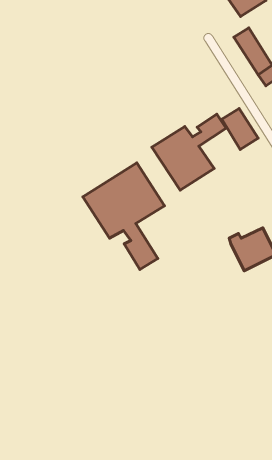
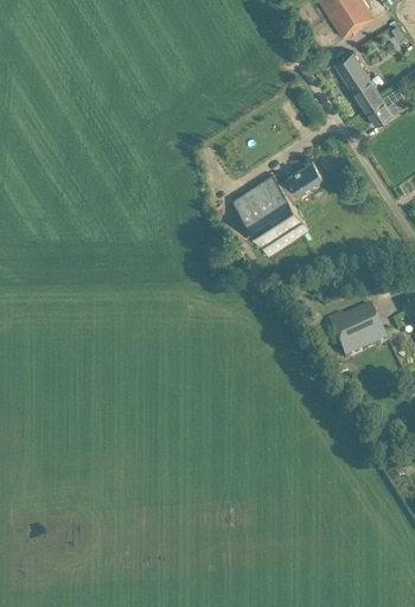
building: [222,108,258,150] -> none
building: [83,163,164,269] -> none

